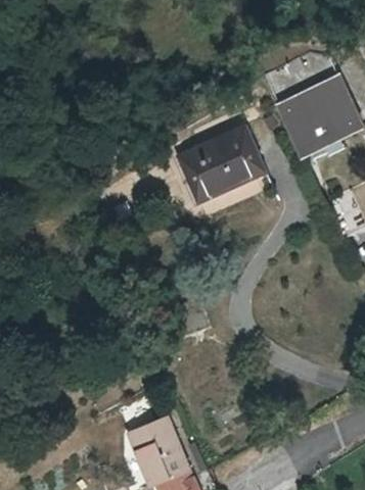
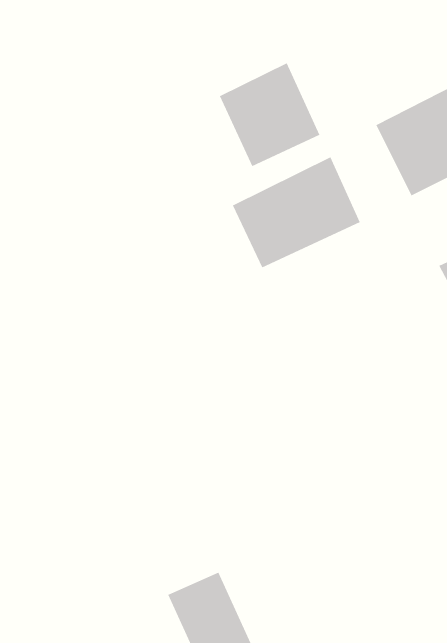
building: none -> [219,62,320,167]

